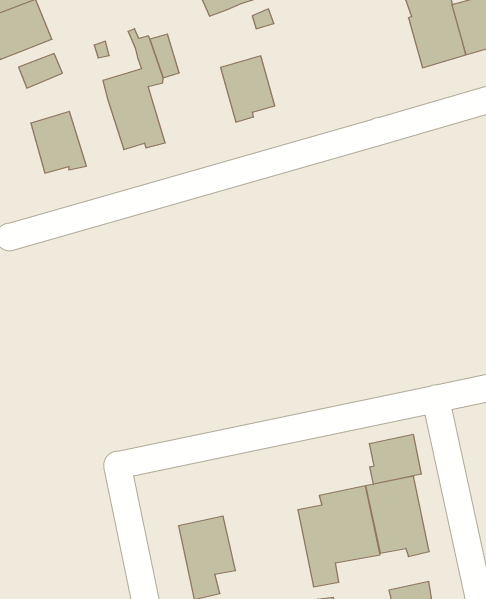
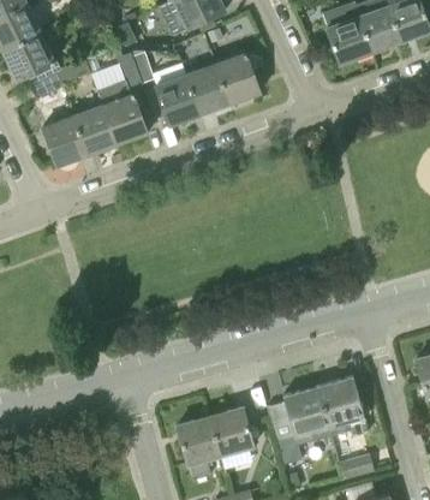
building: none -> [216,53,261,101]
building: none -> [156,75,201,123]
building: none -> [73,105,117,156]
building: [369,434,421,484] -> none
building: none -> [210,406,256,457]

